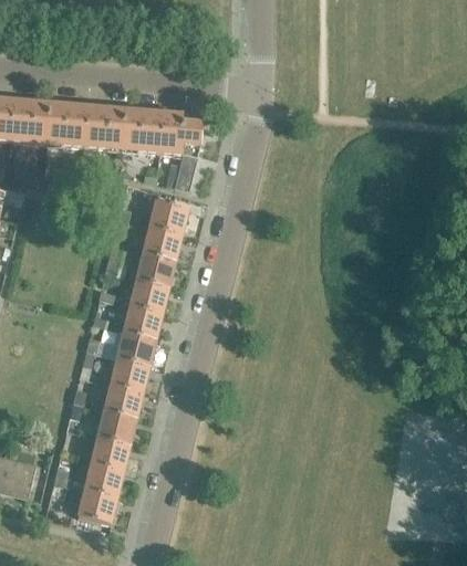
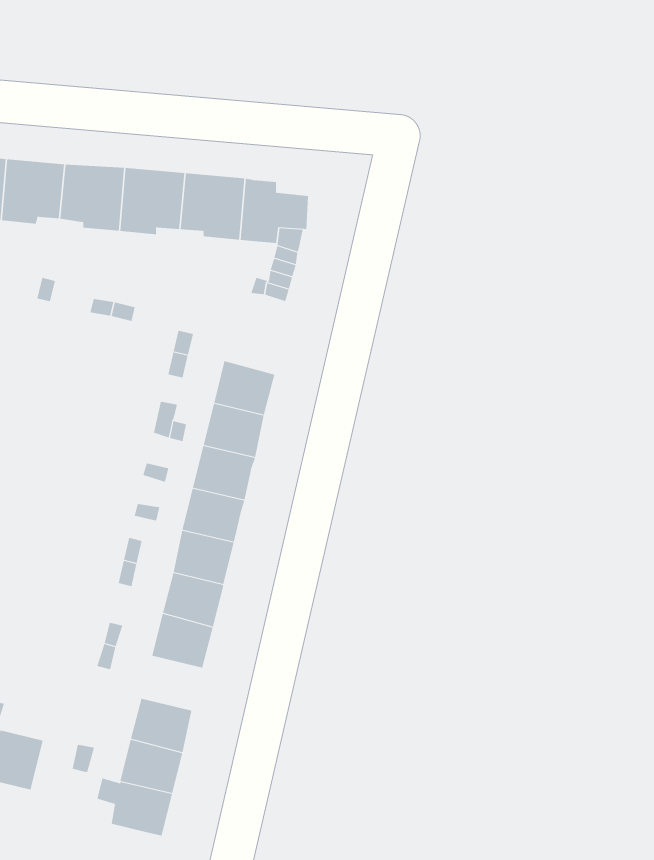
building: [148,199,187,234] -> none
building: [96,410,135,444] -> none

